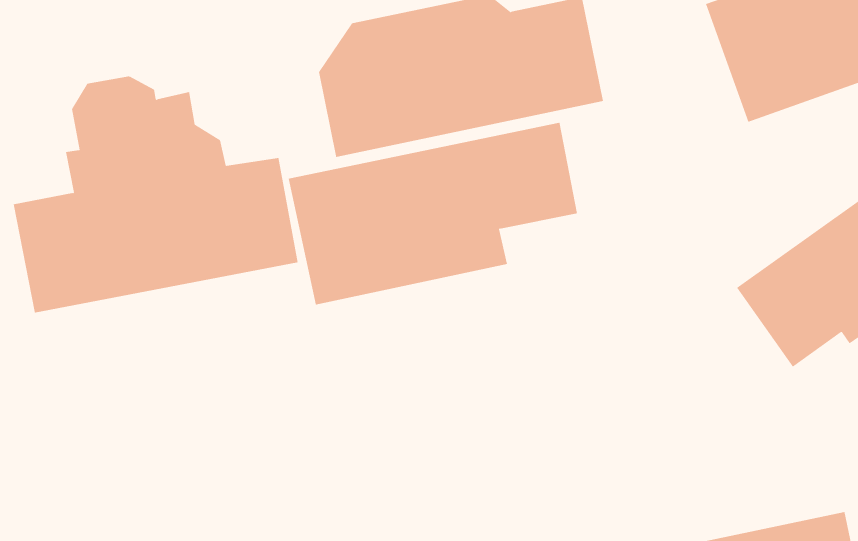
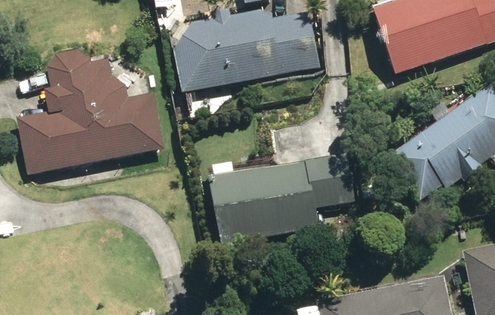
building: [288,122,578,305] -> [206,151,355,245]

